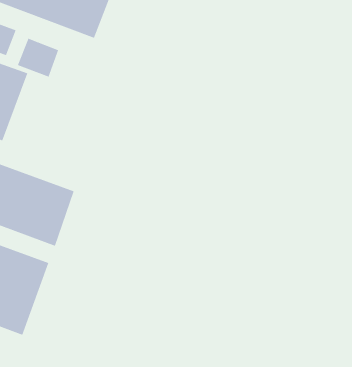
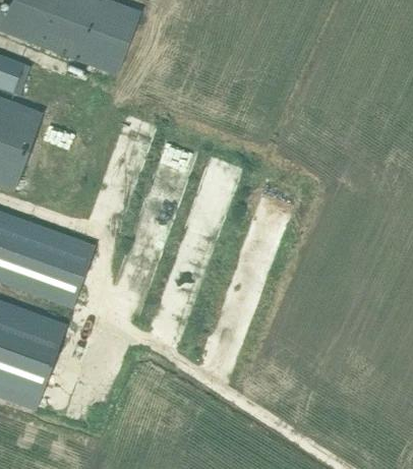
building: [17,38,59,77] -> none

